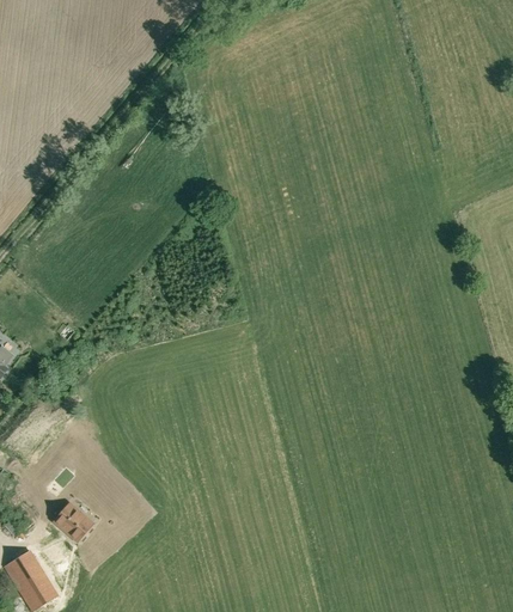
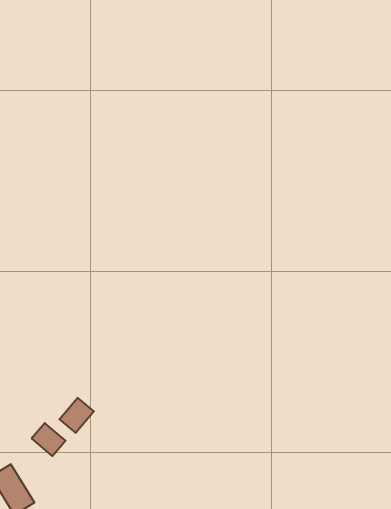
building: none -> [59,398,94,433]

